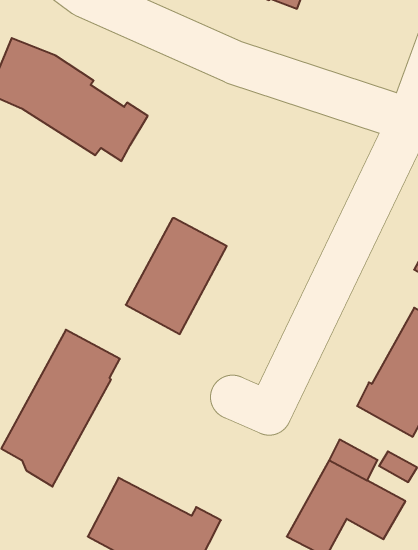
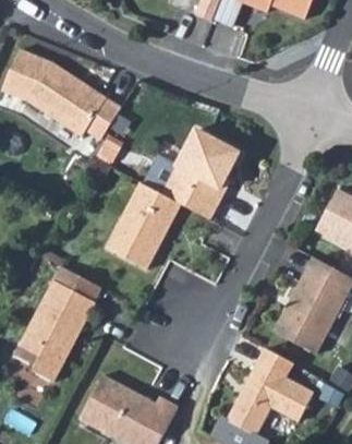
building: none -> [142,130,240,219]

